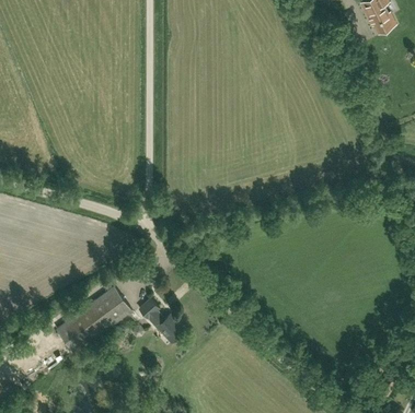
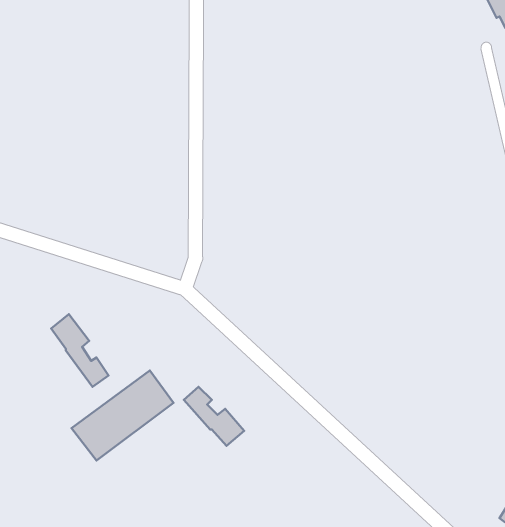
building: none -> [51,314,108,387]

